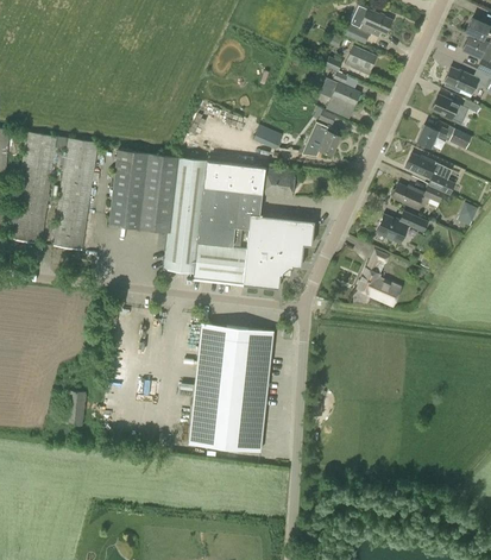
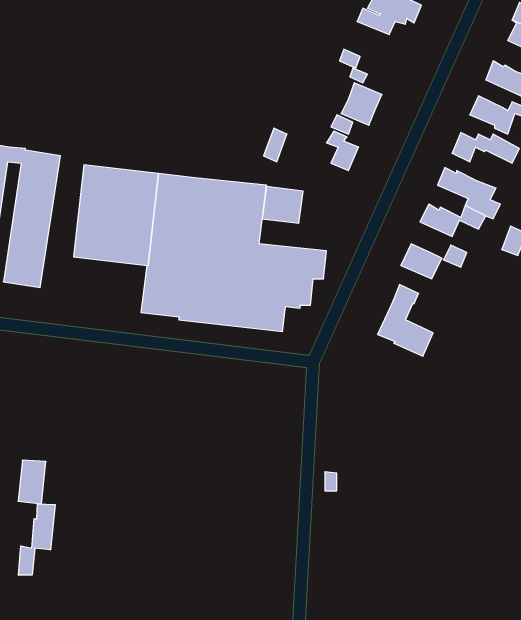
building: [346,46,377,75] -> none
building: [188,323,273,452] -> none
building: none -> [19,504,55,575]

